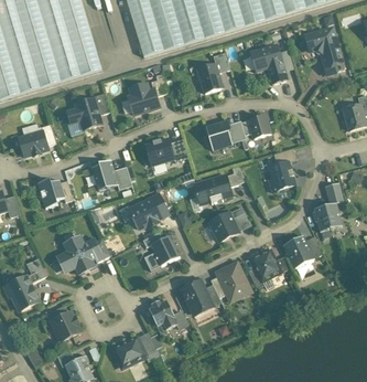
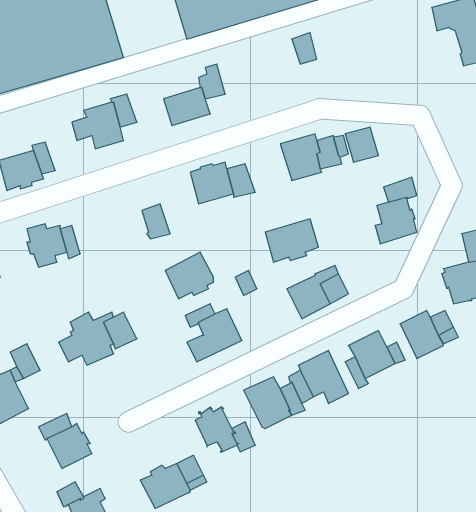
building: [249,43,288,84] -> none
building: [197,63,223,93] -> none
building: [91,160,118,190] -> none

